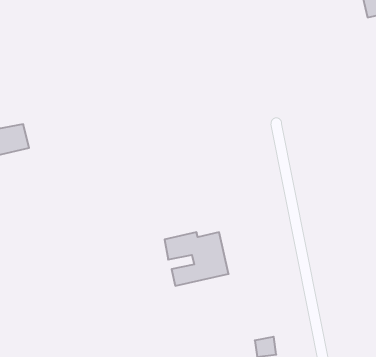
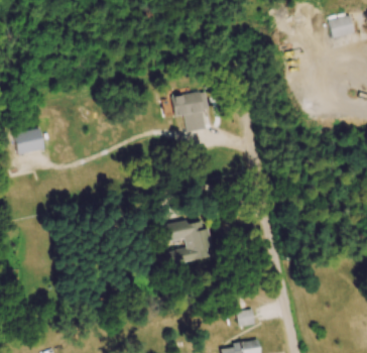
building: none -> [171,92,211,130]

